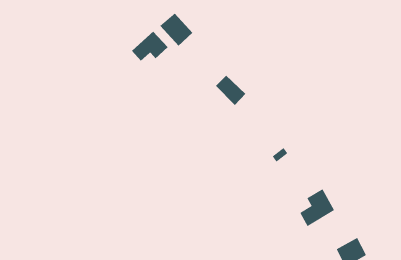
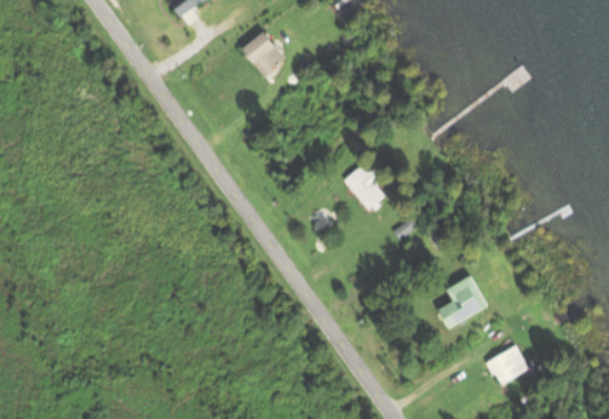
building: [131,31,169,61] -> none
building: [215,75,246,106] -> [344,166,387,210]

